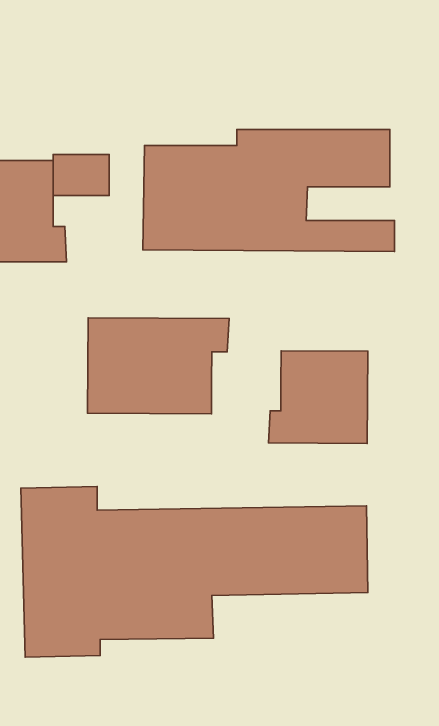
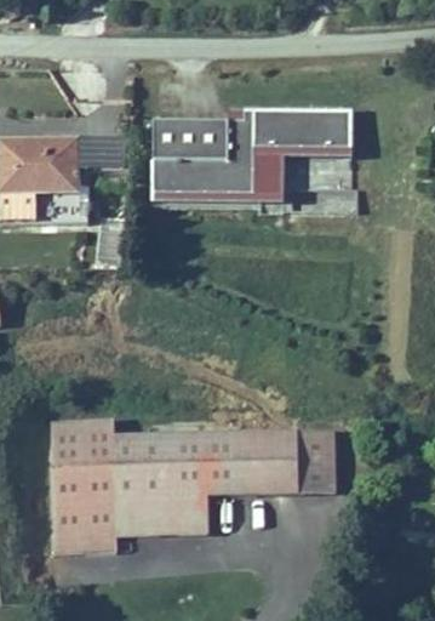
building: [88,318,229,414] -> none
building: [269,351,368,443] -> none

